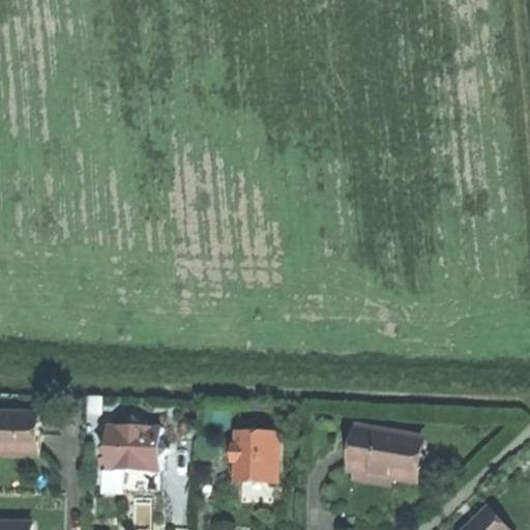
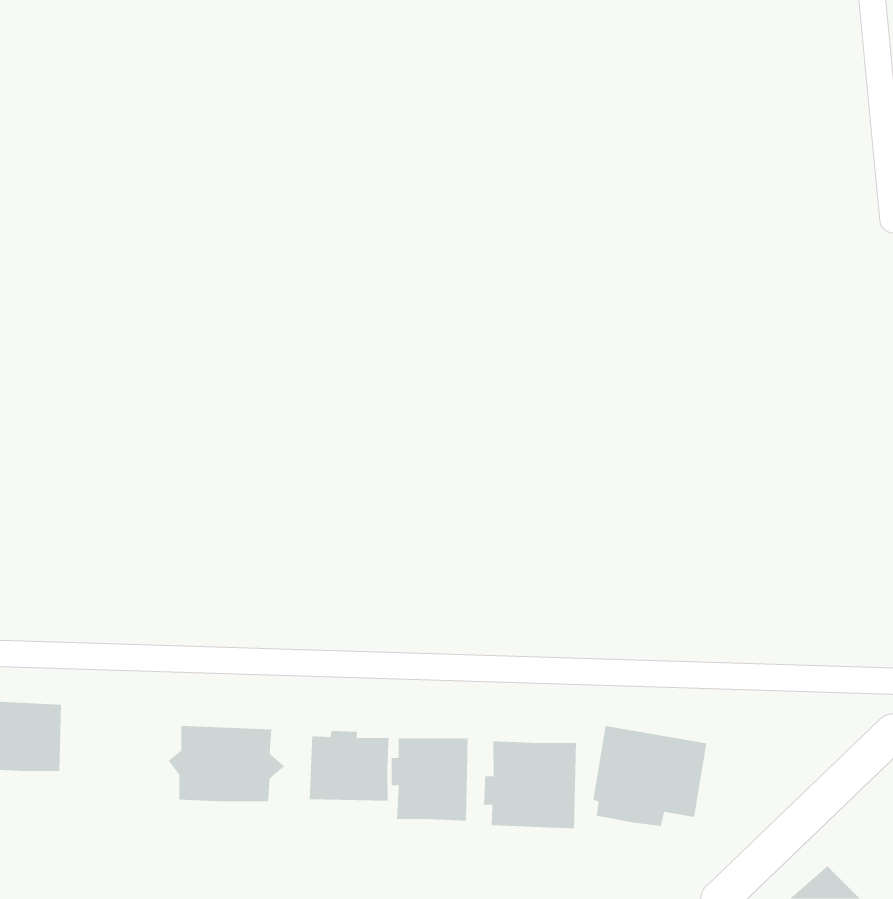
building: none -> [309,730,389,801]
building: none -> [484,741,576,829]

